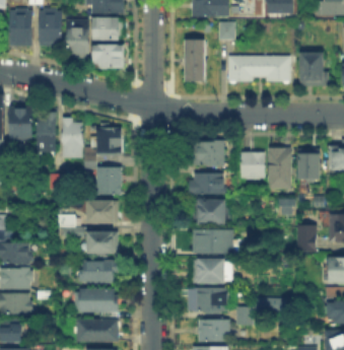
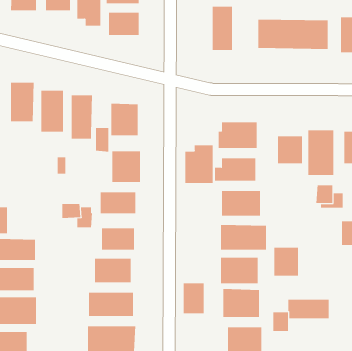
building: none -> [185,144,213,184]
building: none -> [274,247,299,277]
building: none -> [183,282,204,314]

